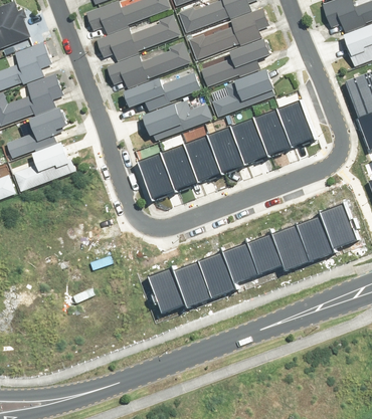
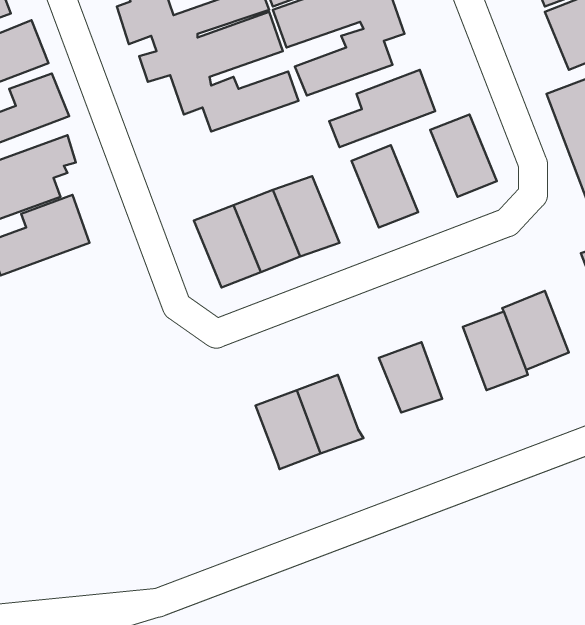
building: [145,101,210,138] -> none
building: [253,107,293,155] -> none
building: [207,125,246,173] -> none
building: [271,222,310,269] -> none
building: [222,240,259,282] -> none
building: [150,268,187,311] -> none

